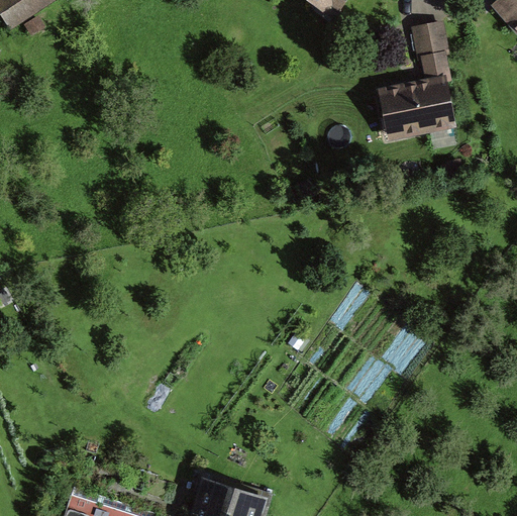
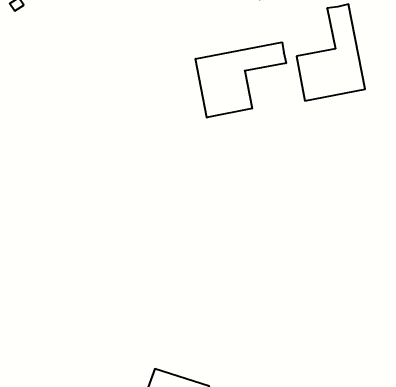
building: none -> [196,42,286,118]

